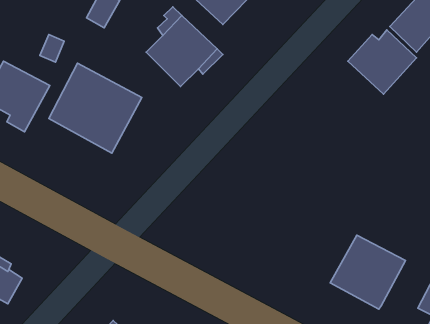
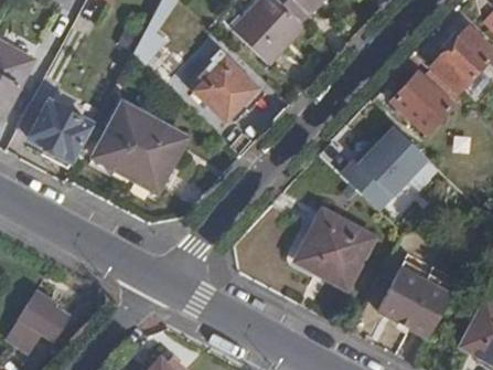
building: none -> [342,124,429,210]
building: none -> [298,210,375,289]

